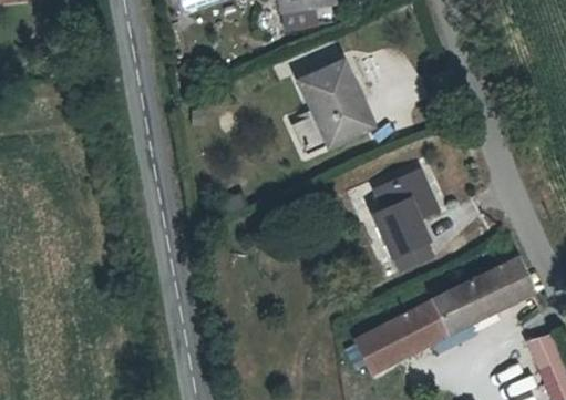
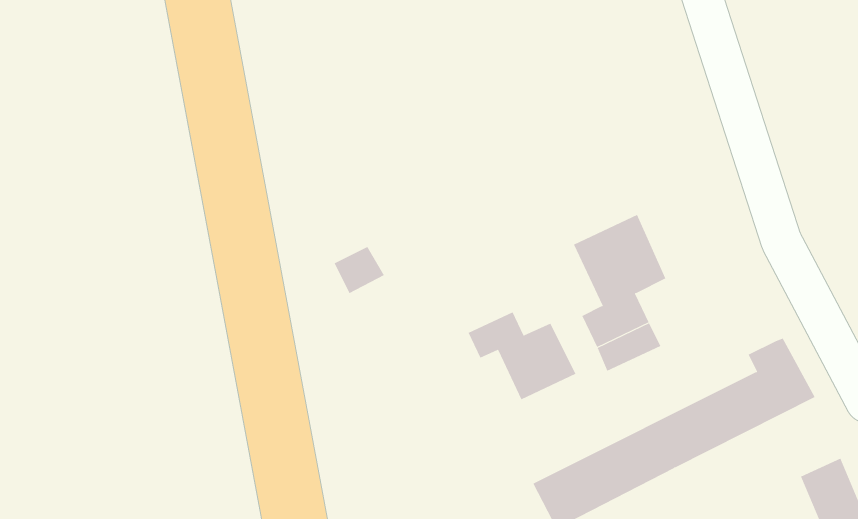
building: [300,62,364,144] -> none
building: none -> [468,312,576,400]

